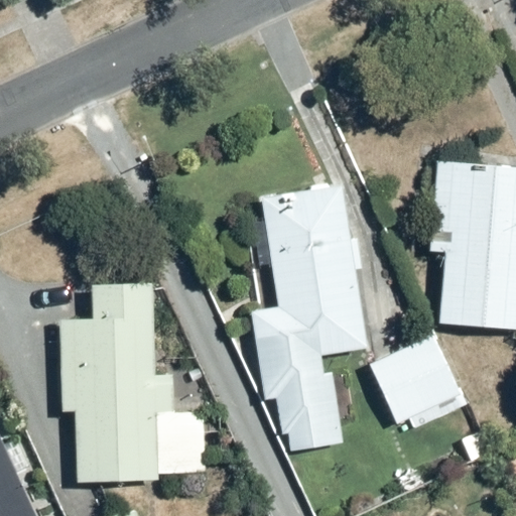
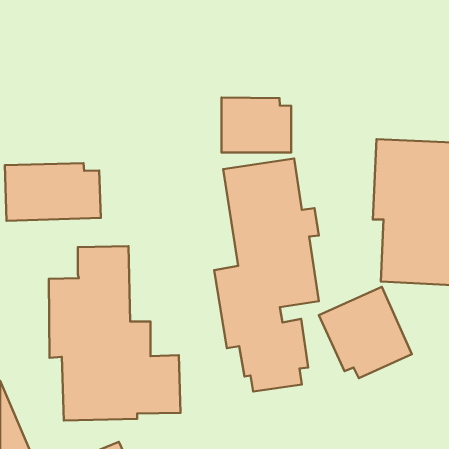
building: none -> [222,98,291,153]
building: none -> [5,163,101,221]

